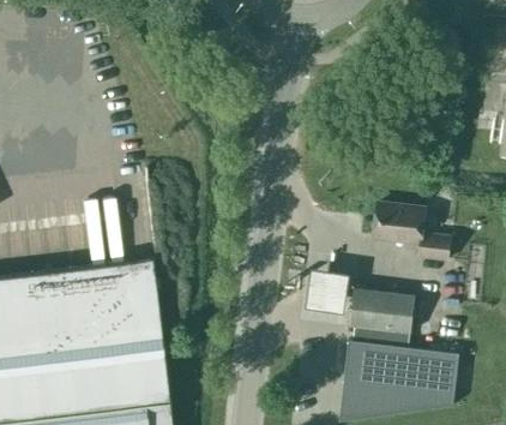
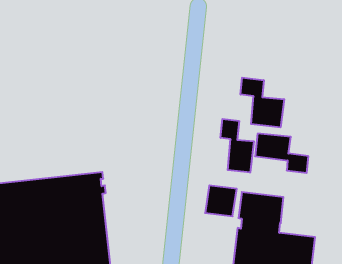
building: none -> [241,78,284,127]
building: none -> [221,119,254,173]

